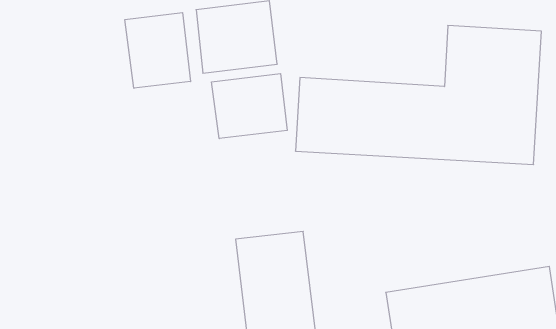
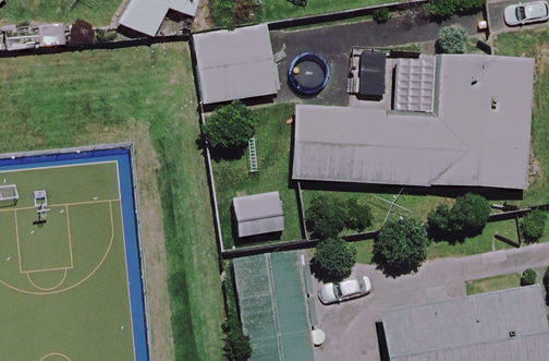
building: [125,13,191,88] -> none
building: [212,74,287,139] -> none

